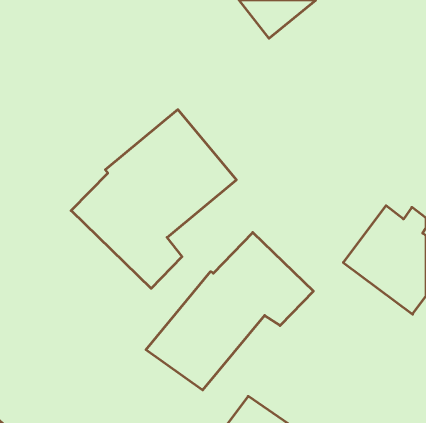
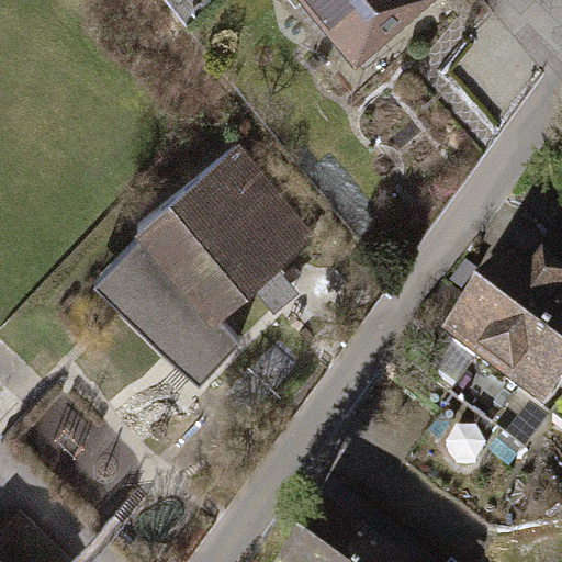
building: [146,232,313,390] -> none

